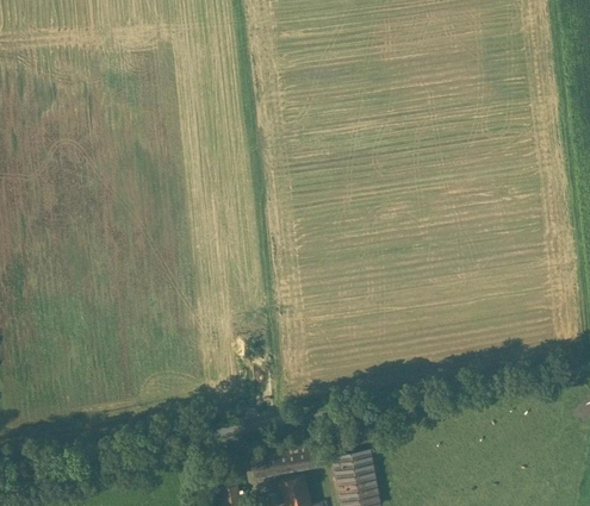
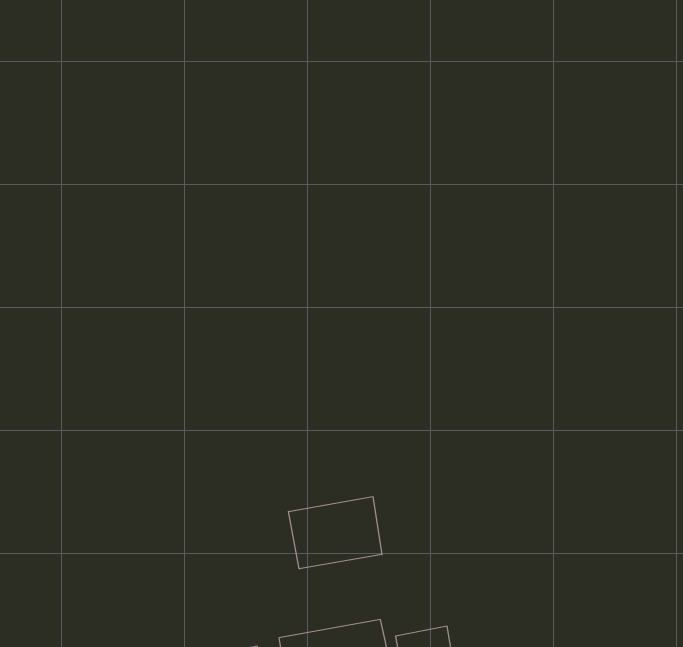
building: none -> [289,497,382,569]

